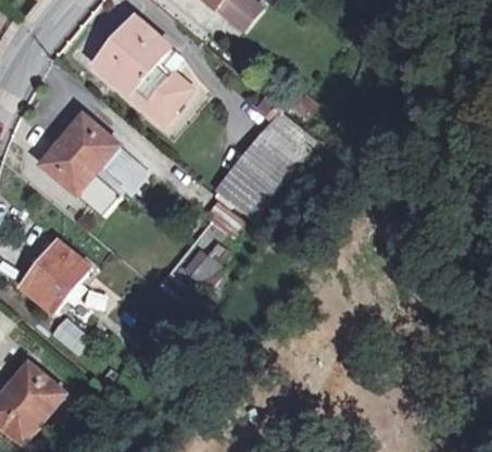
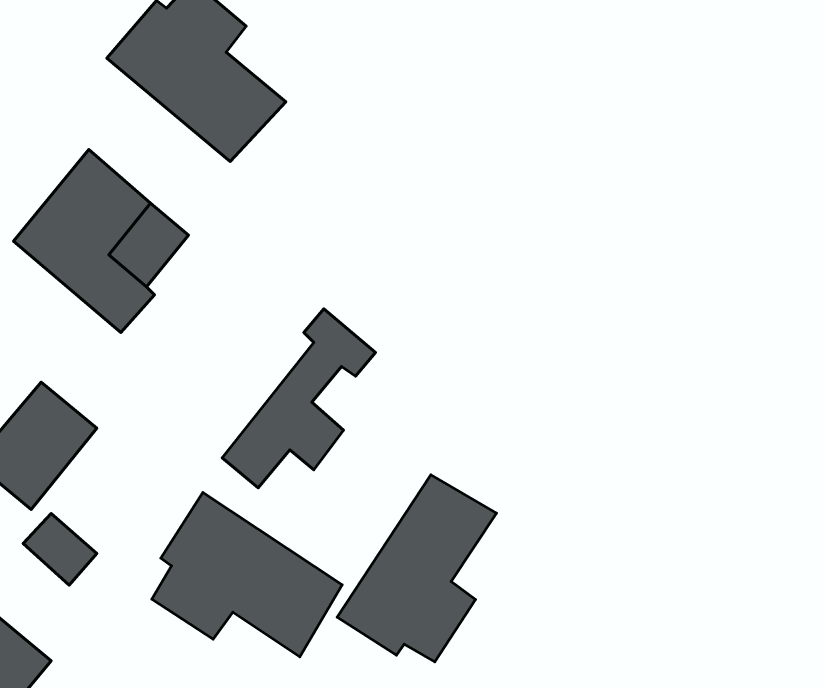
building: [210,113,310,206] -> none
building: none -> [337,475,497,662]
building: none -> [152,493,342,657]

